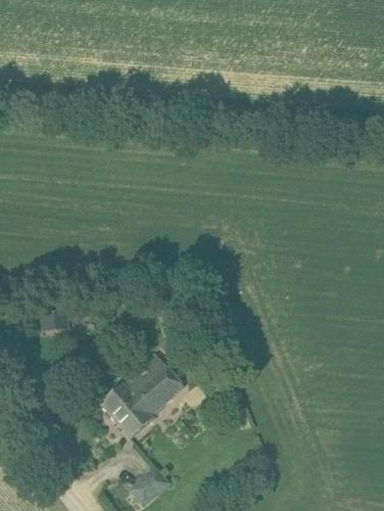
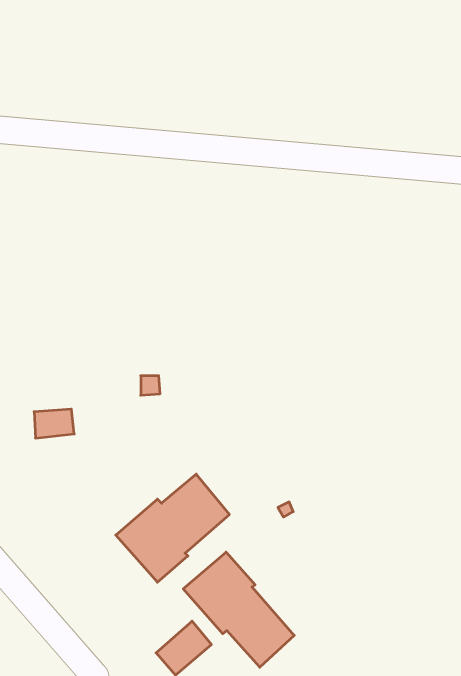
building: none -> [183,552,294,667]

